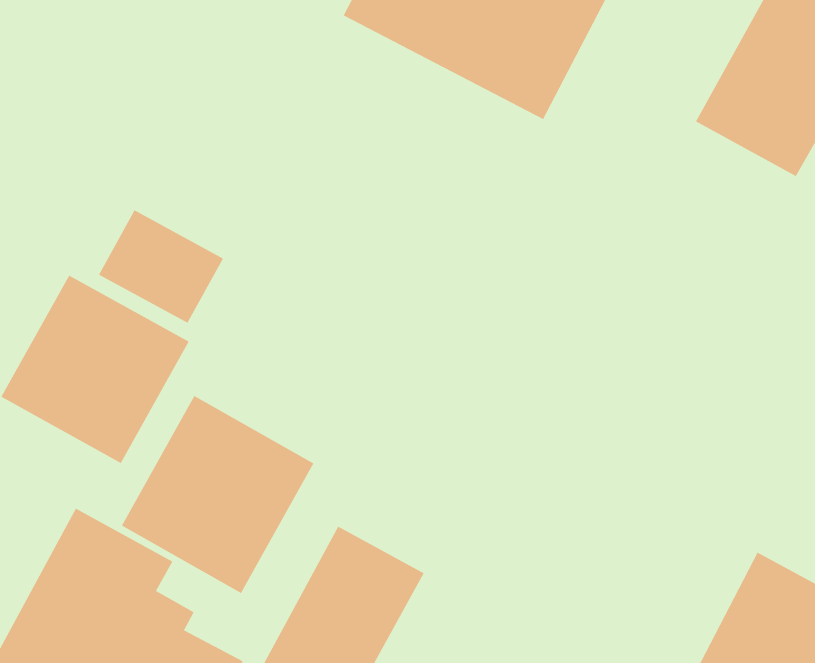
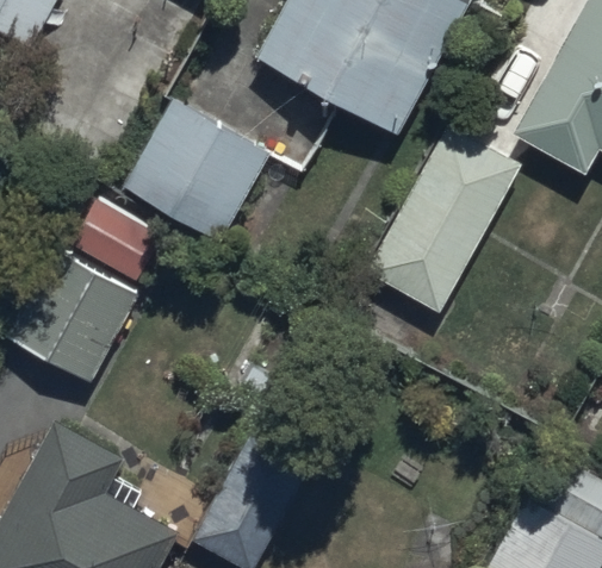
building: none -> [122,98,275,244]
building: none -> [365,126,520,316]
building: [121,395,314,594] -> none

